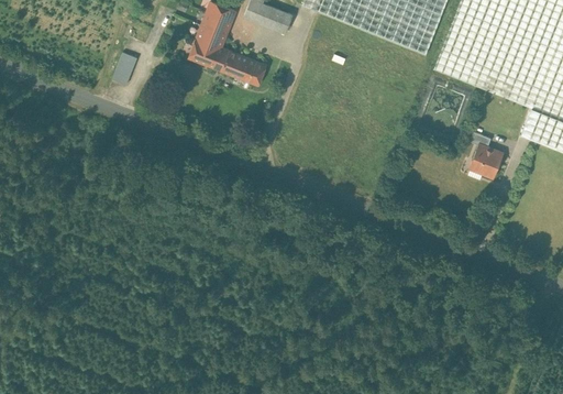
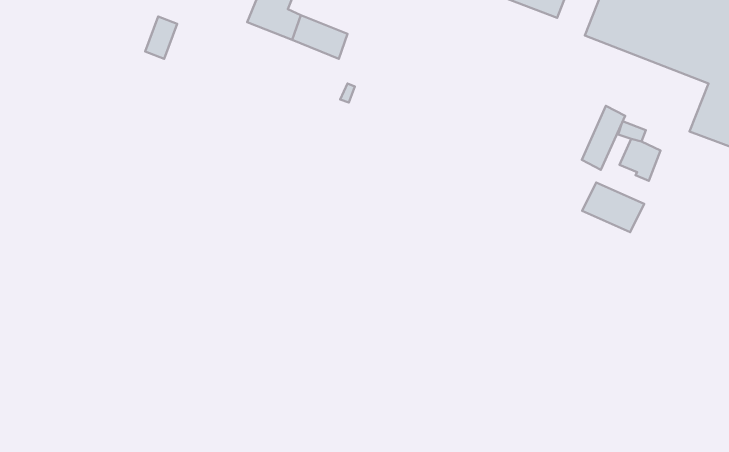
building: none -> [582,106,625,170]
building: none -> [582,182,644,232]

